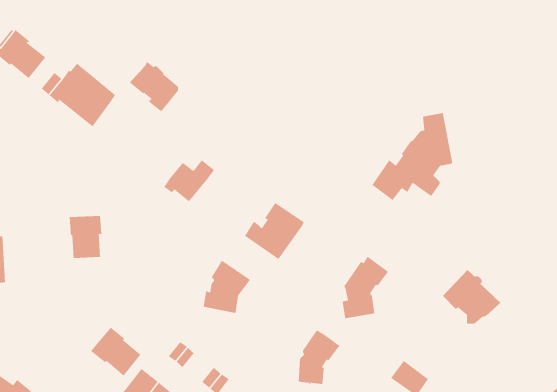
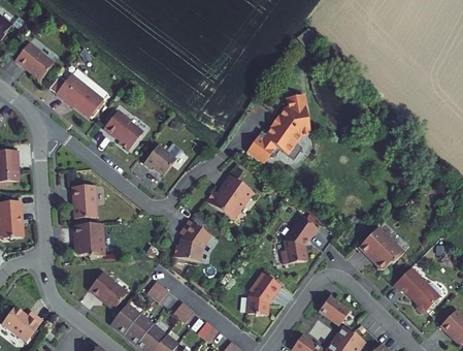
building: [129,61,179,112] -> [103,110,141,150]
building: [371,113,453,201] -> [247,94,310,162]
building: none -> [73,223,104,256]
building: none -> [393,266,441,311]

